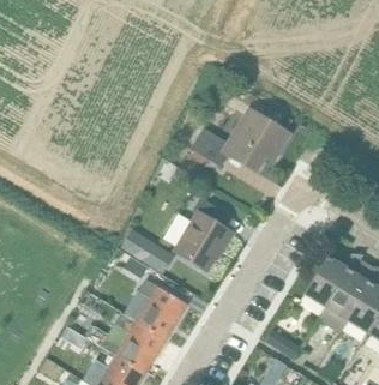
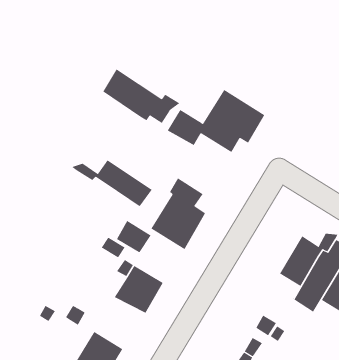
building: none -> [103,69,181,124]
building: none -> [71,159,155,217]
building: [115,318,168,371] -> none

